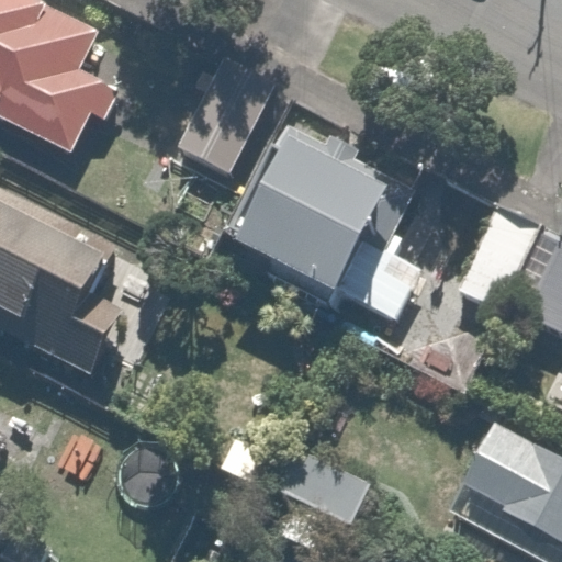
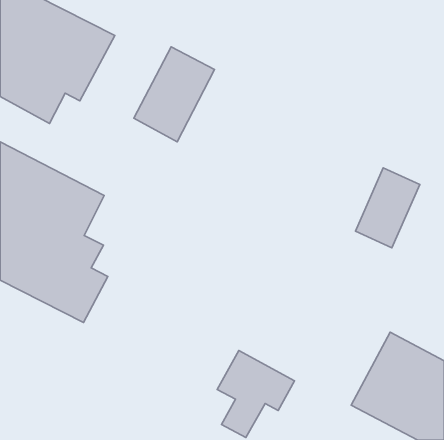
building: [220,121,427,329] -> none

